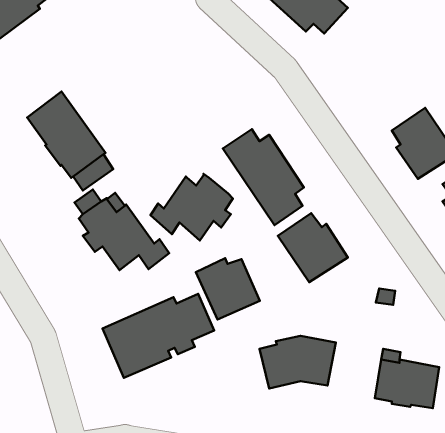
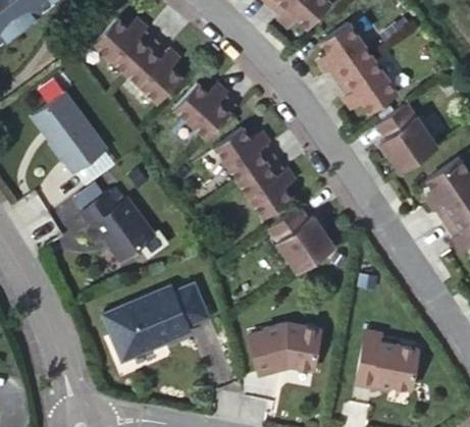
building: none -> [96,15,181,100]
building: none -> [321,26,399,117]
building: none -> [174,82,237,137]
building: [150,174,233,240] -> none
building: [196,258,260,319] -> none

